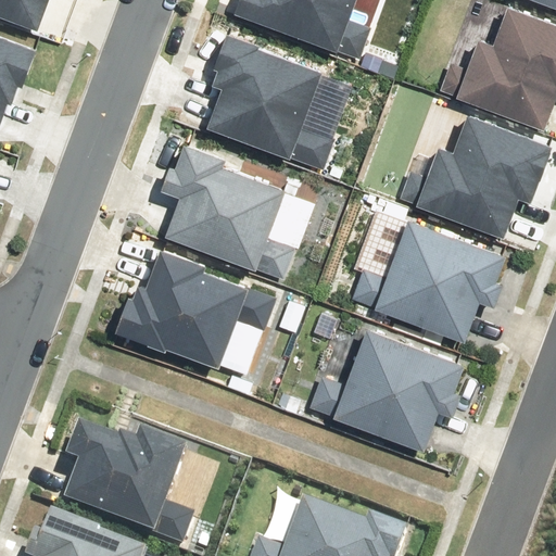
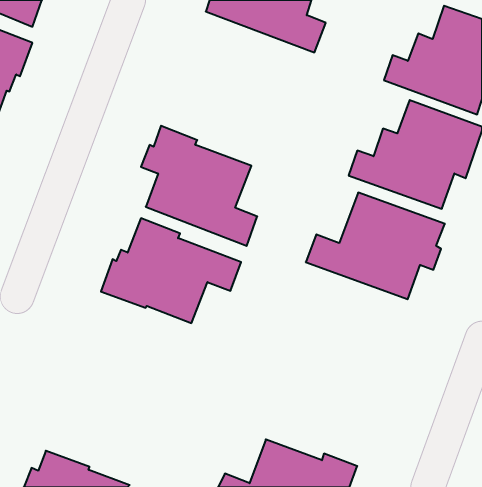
building: [206,33,332,170] -> none
building: [307,327,465,451] -> none
building: [64,426,194,547] -> none

